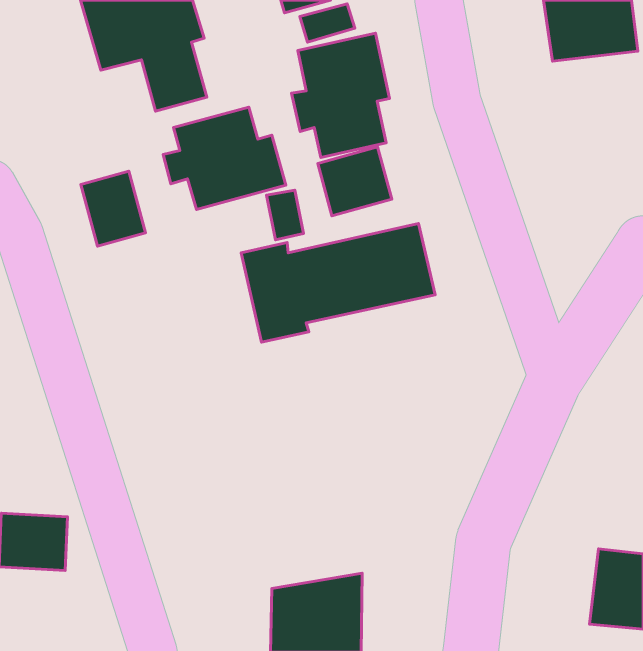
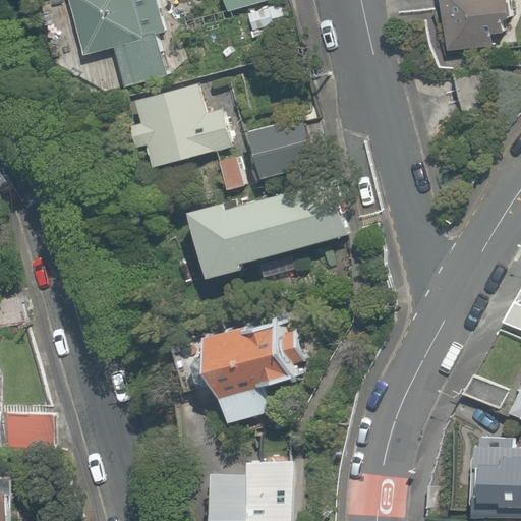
building: [292,33,389,157] -> none
building: [81,171,146,246] -> none
building: none -> [172,316,300,421]

